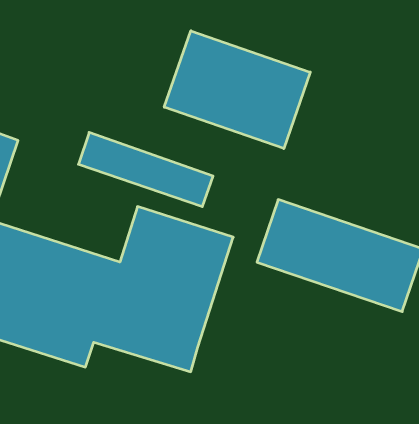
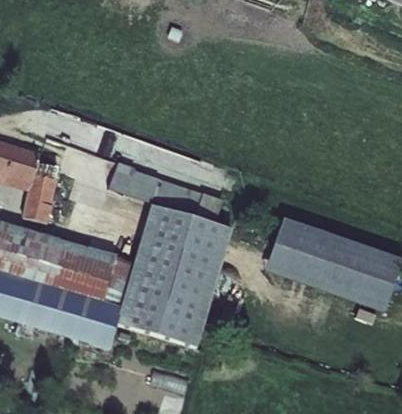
building: [164,31,310,149] -> none

